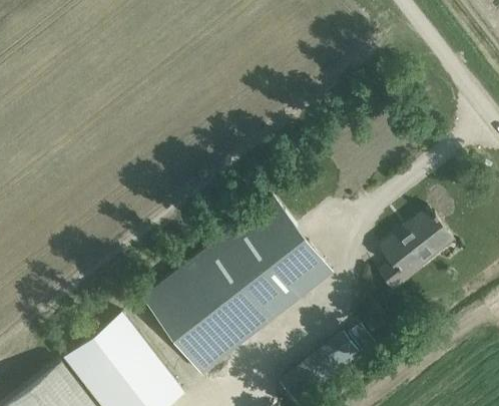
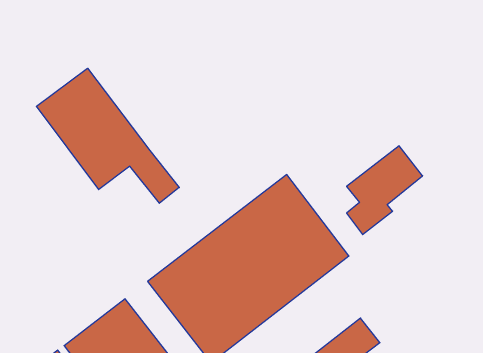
building: none -> [36,68,179,203]
building: [379,210,450,293] -> [347,146,423,235]

